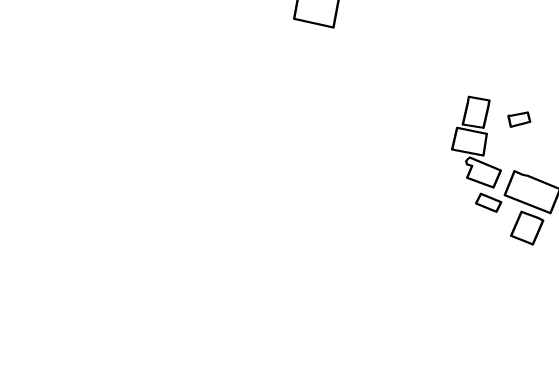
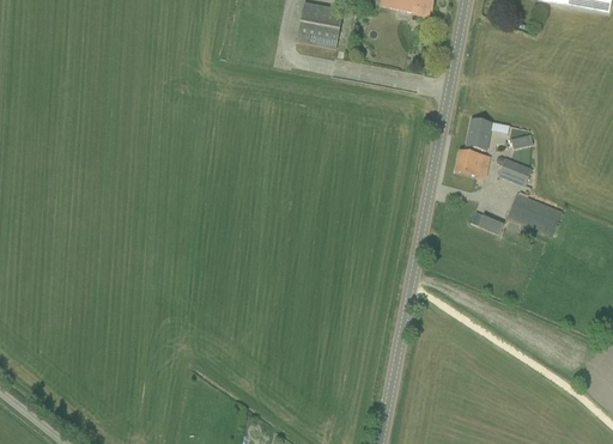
building: [466,157,501,187] -> [496,154,530,184]
building: [511,212,543,244] -> none

